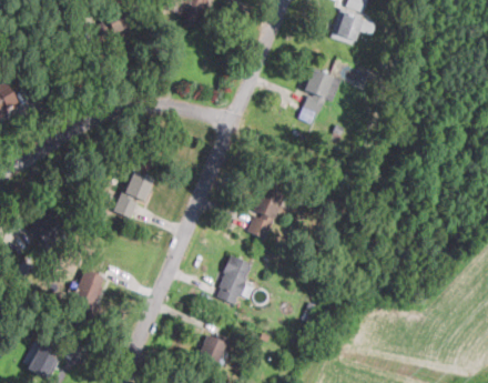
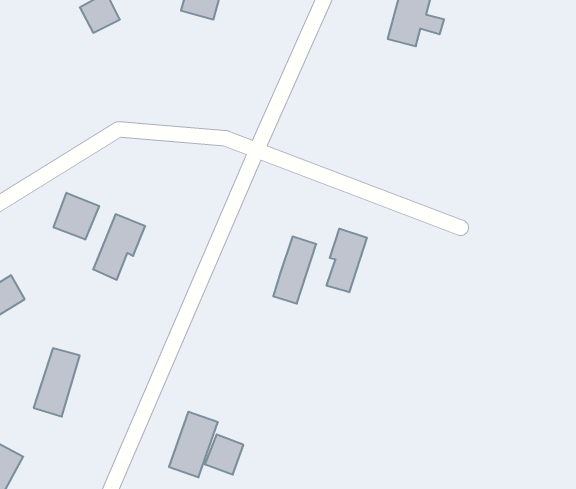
building: [299,68,343,120] -> none
building: none -> [54,193,99,240]
building: none -> [327,229,367,292]
building: [216,254,253,303] -> [169,412,218,477]

